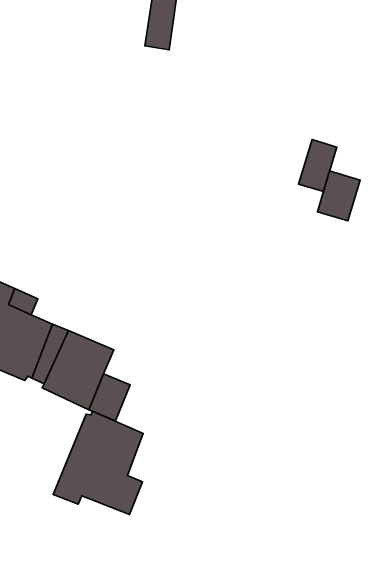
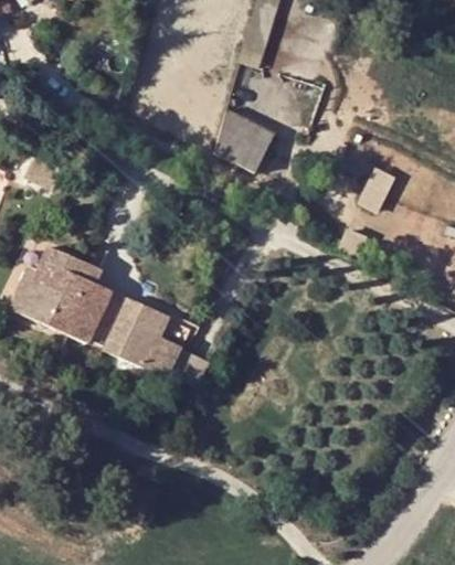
building: none -> [211,116,258,170]
building: [317,171,360,221] -> none
building: [53,411,143,514] -> none

